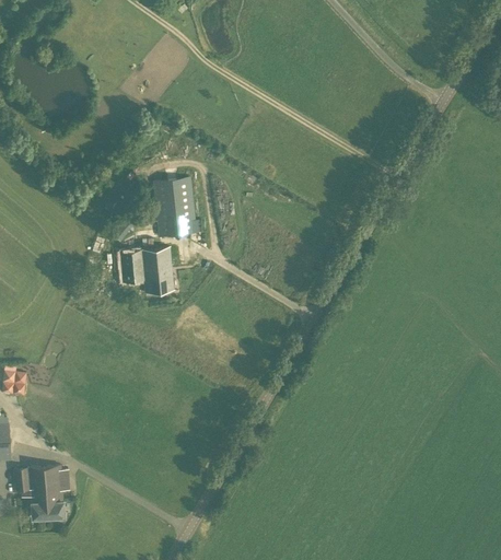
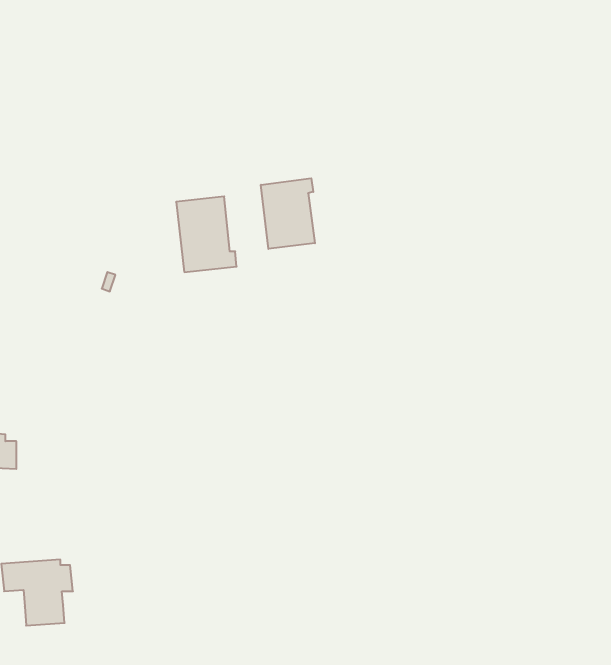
building: none -> [261,178,315,249]
building: [118,248,173,293] -> none

